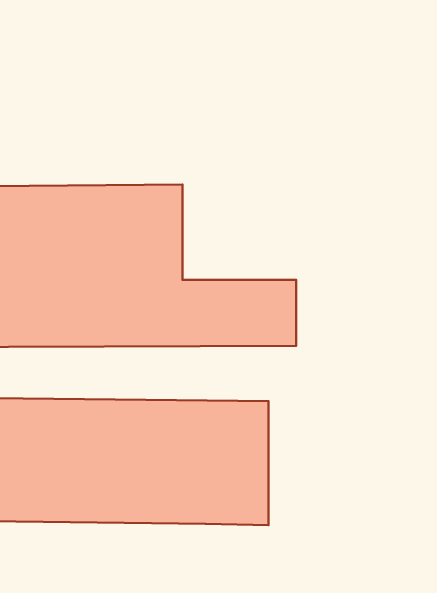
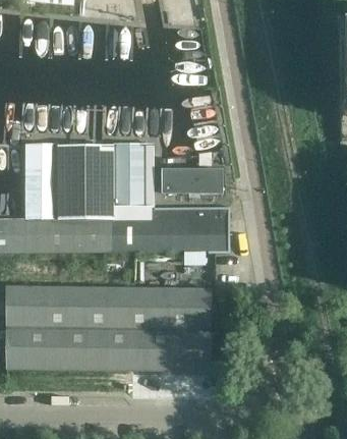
building: none -> [162,169,226,194]

